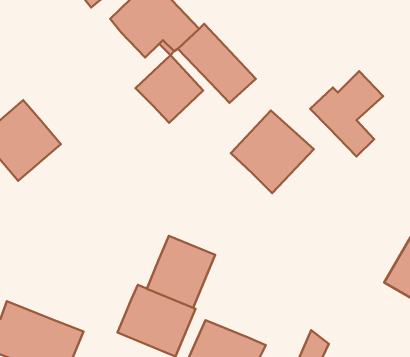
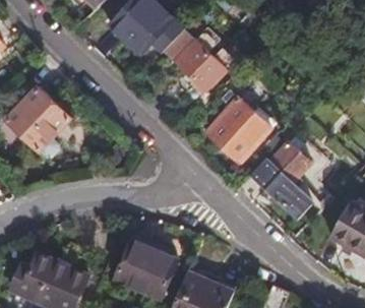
building: [135,55,203,123] -> none
building: [310,71,383,157] -> [250,142,309,211]
building: [147,236,215,308] -> none

